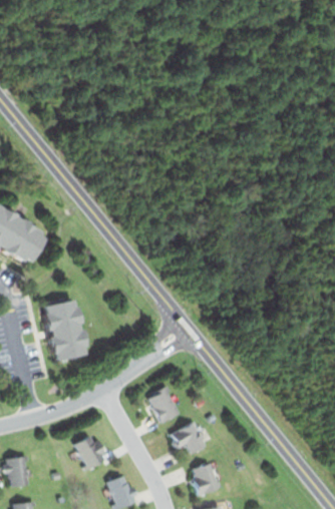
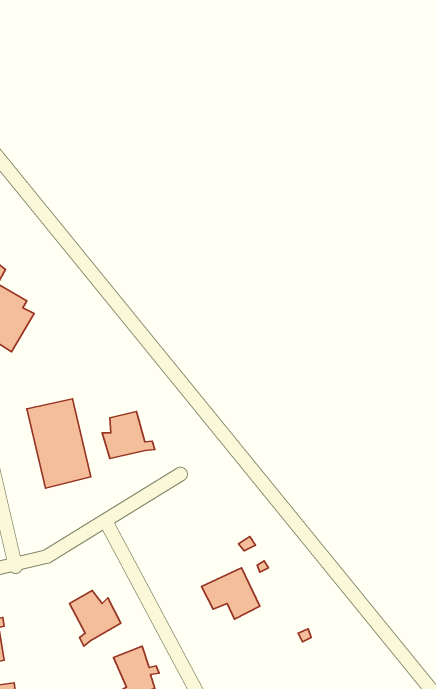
building: none -> [102,412,155,458]
building: [143,384,179,424] -> none
building: [190,458,222,497] -> none

